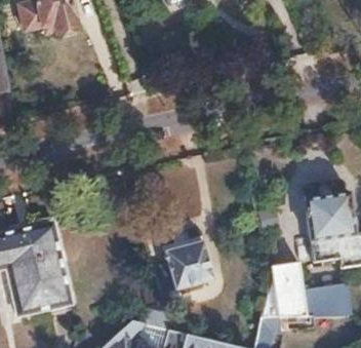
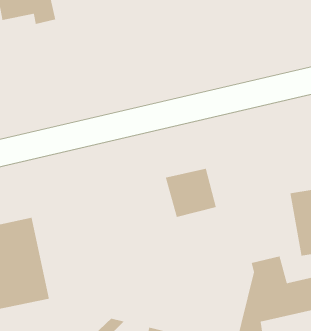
building: [163,240,214,289] -> [165,168,217,218]

